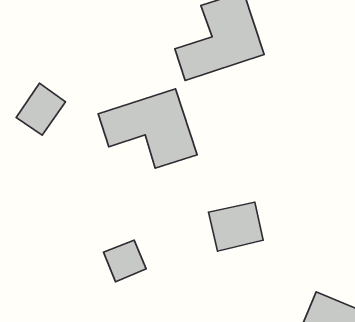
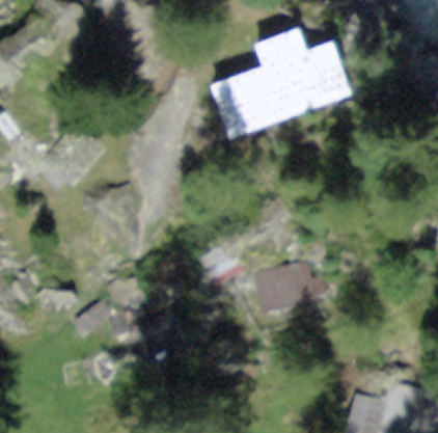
building: [98,89,197,168] -> none

